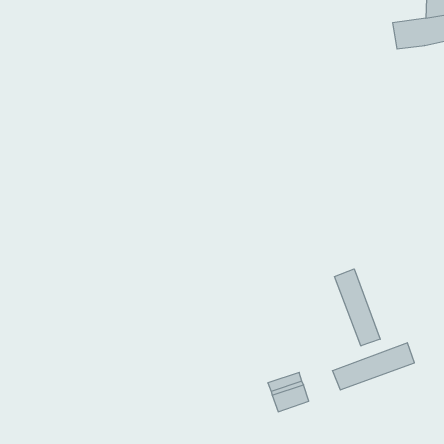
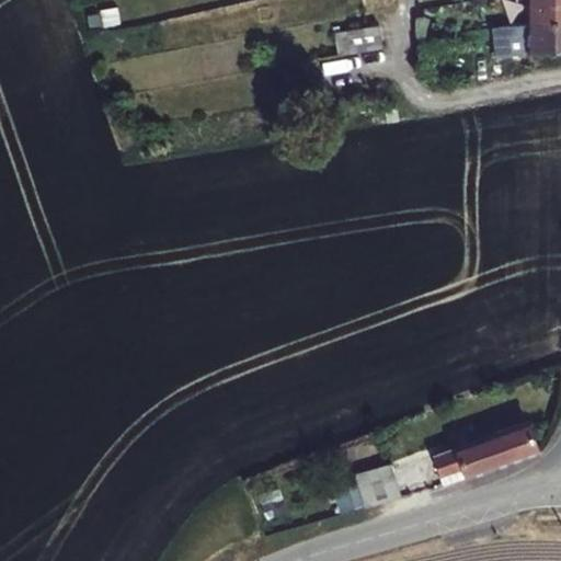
building: none -> [335,20,383,51]
building: [335,269,380,346] -> none

